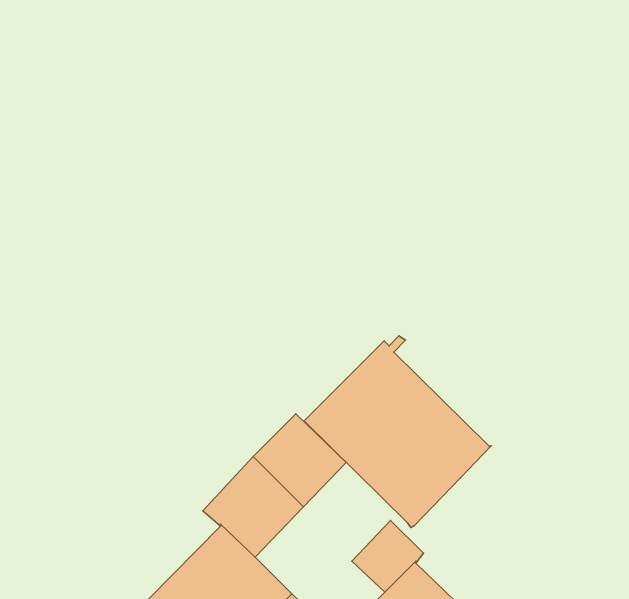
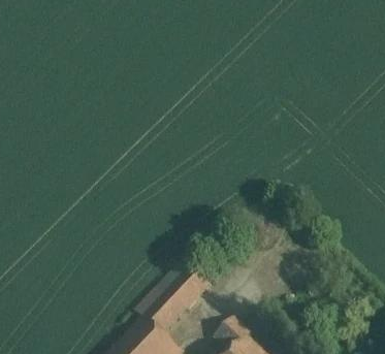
building: [304,336,491,528] -> none

